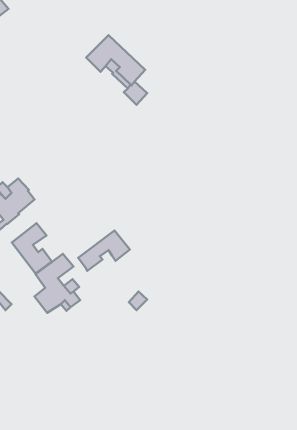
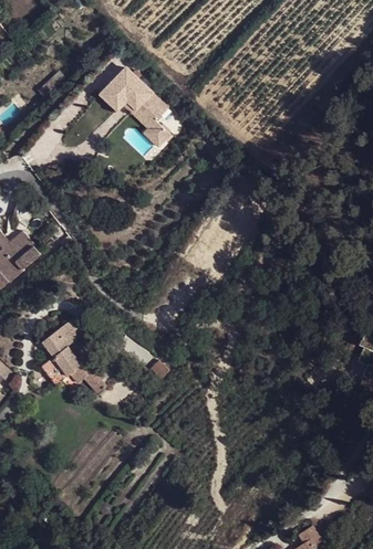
building: [12,223,52,274] -> none
building: [78,230,130,271] -> none

